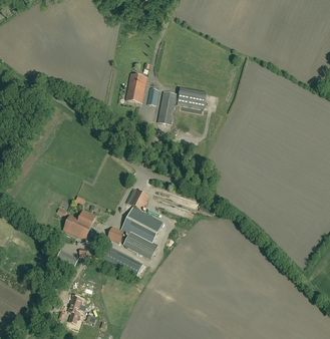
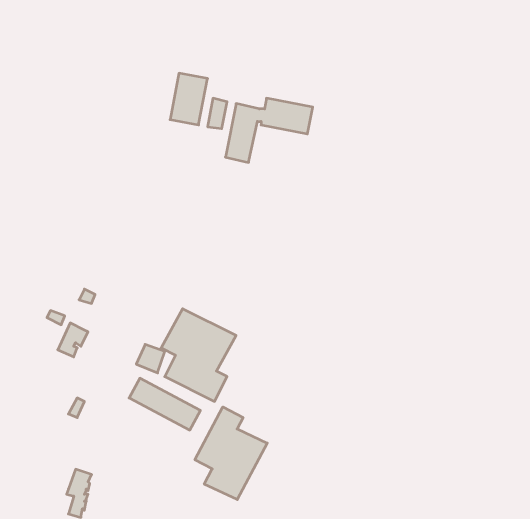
building: [71,209,94,238] -> none
building: none -> [195,407,267,500]

